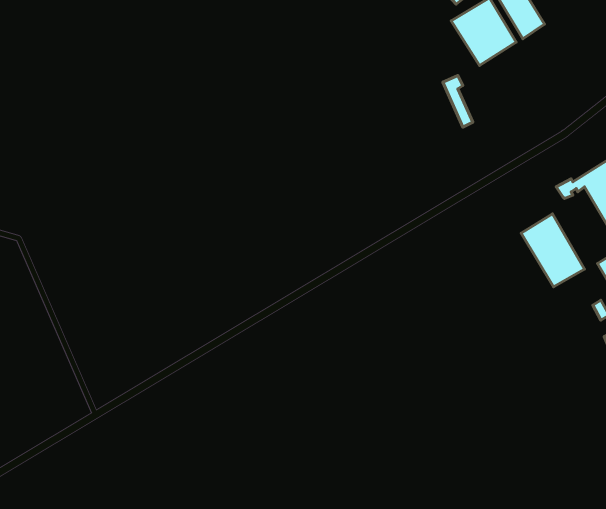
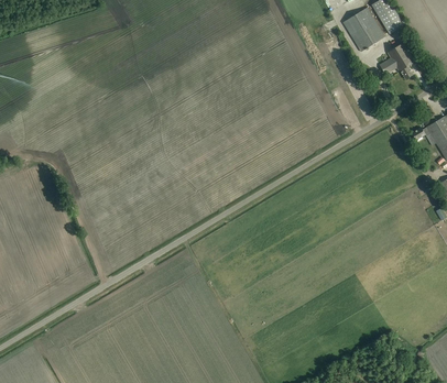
building: none -> [379,42,414,78]
building: [521,214,585,287] -> none

